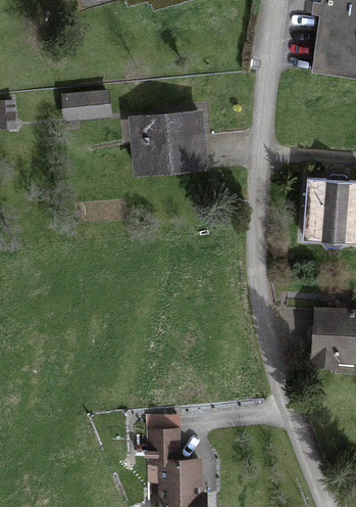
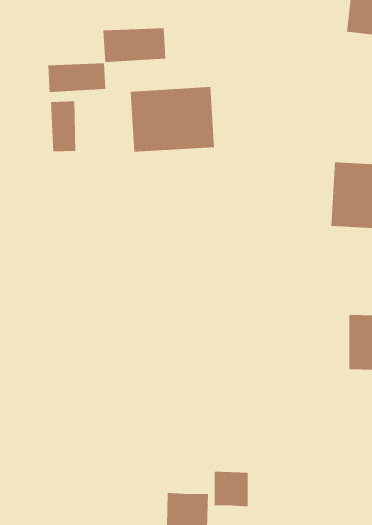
building: none -> [103,28,166,63]
building: none -> [50,101,76,152]
building: [149,433,179,464] -> [214,471,248,507]

